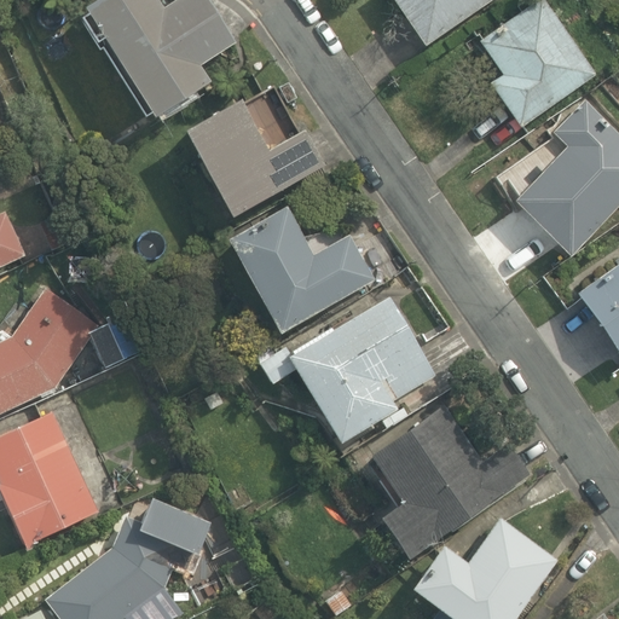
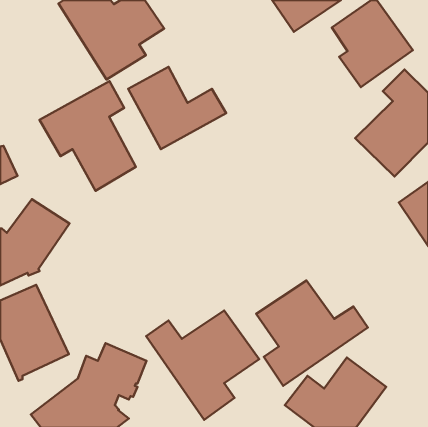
building: none -> [40,81,136,191]
building: [227,206,376,334] -> none
building: [289,296,439,444] -> none
building: none -> [146,311,259,420]

